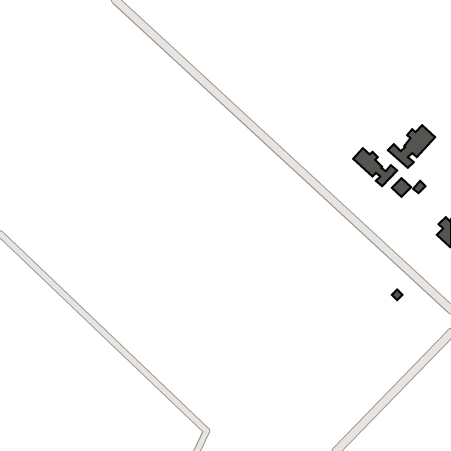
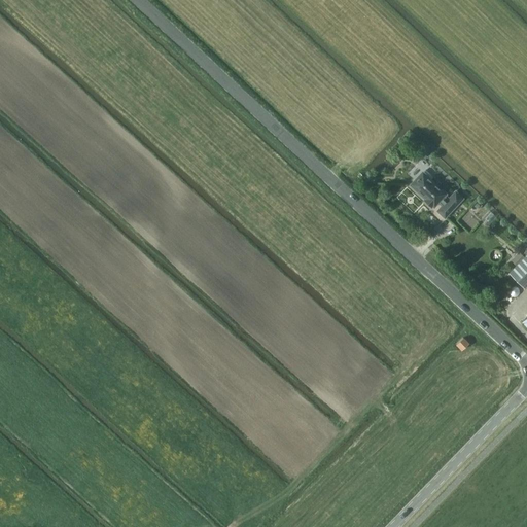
building: [388,125,435,168] -> none

